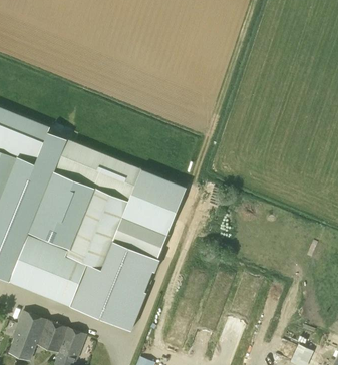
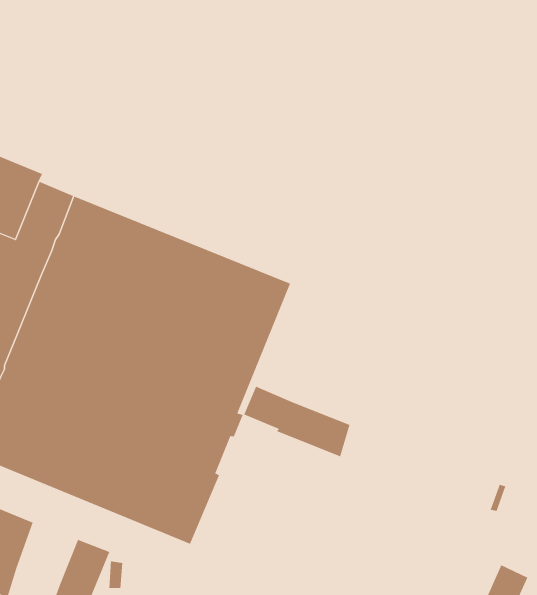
building: none -> [244,386,350,457]
building: [35,319,68,353] -> none

